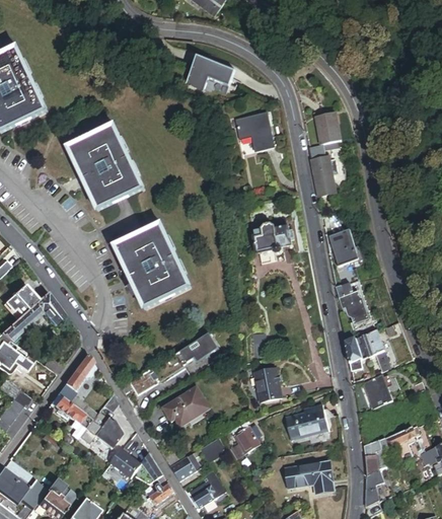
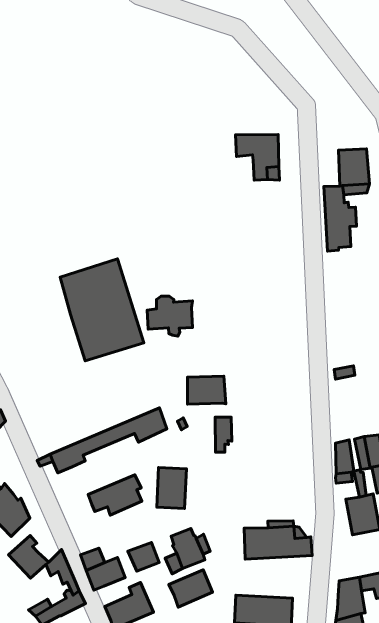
building: [185,56,235,91] -> none
building: [69,127,141,208] -> none
building: [254,225,291,254] -> [147,296,192,336]
building: [329,232,352,268] -> none
building: [339,291,367,324] -> none
building: none -> [187,376,226,404]
building: [261,368,285,400] -> [157,467,186,509]
building: none -> [169,570,213,607]

